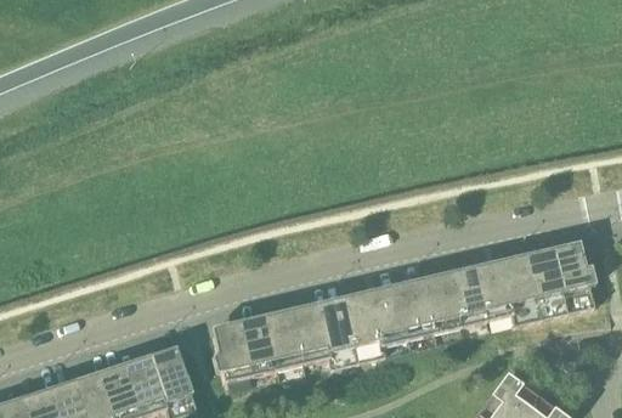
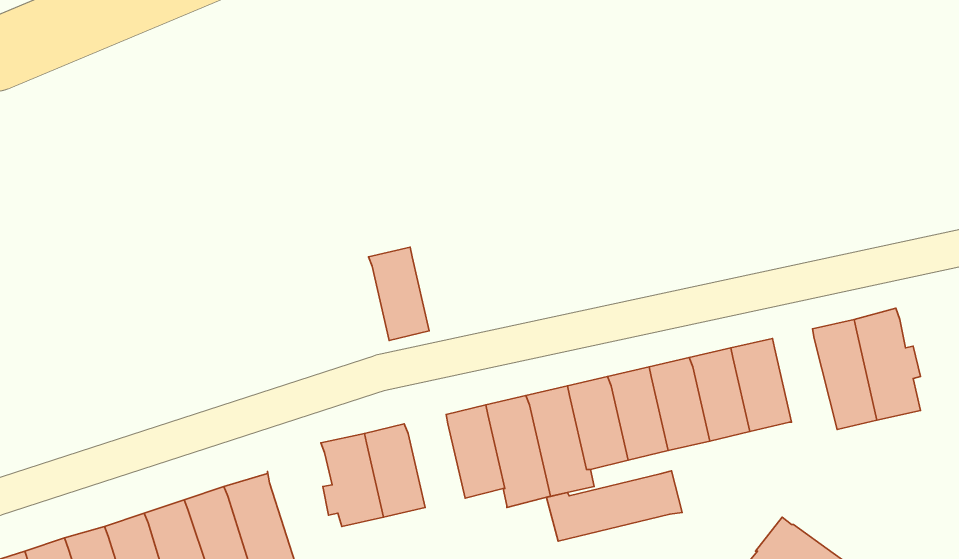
building: [501,254,542,326] -> none
building: [265,309,304,368] -> [368,247,429,340]
building: none -> [547,471,682,541]

